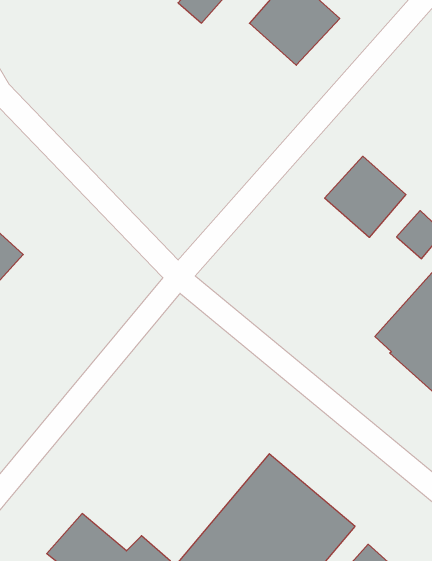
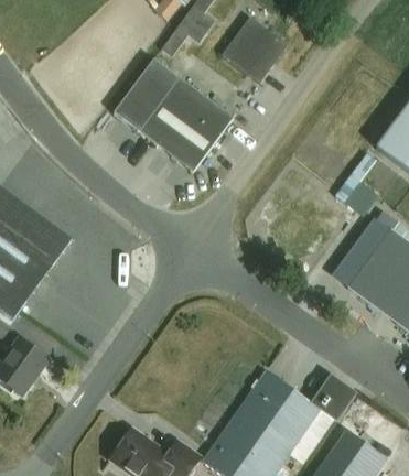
building: none -> [112,58,233,172]
building: [325,156,406,237] -> none

